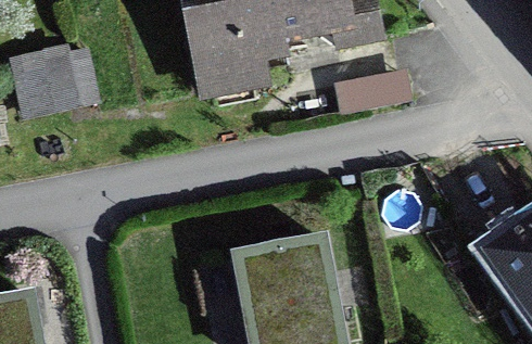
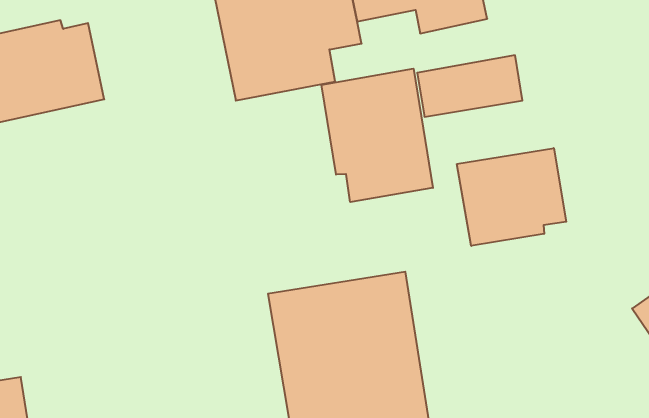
building: none -> [321,69,433,202]
building: none -> [457,148,566,246]

